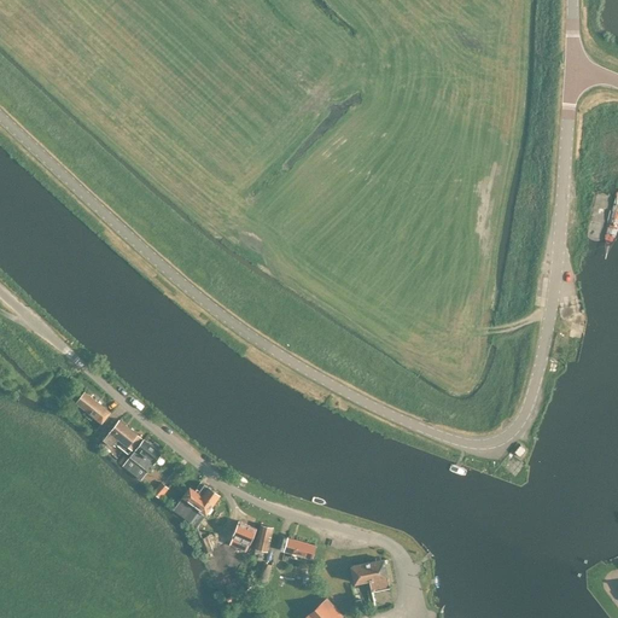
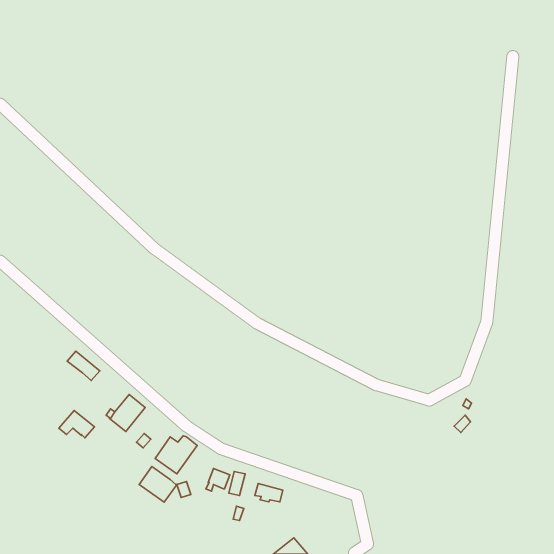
building: [103,420,142,450] -> [59,411,95,438]
building: none -> [139,467,177,502]
building: [350,559,390,591] -> none

